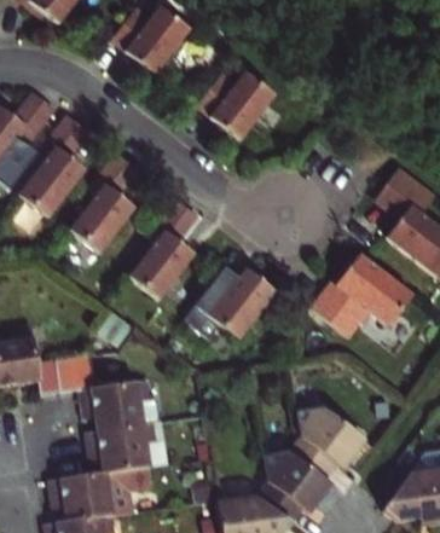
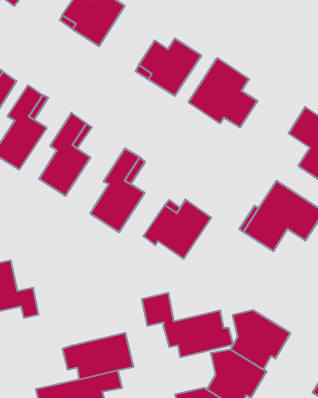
building: none -> [189,58,257,127]
building: [56,353,161,431] -> [142,293,233,357]

